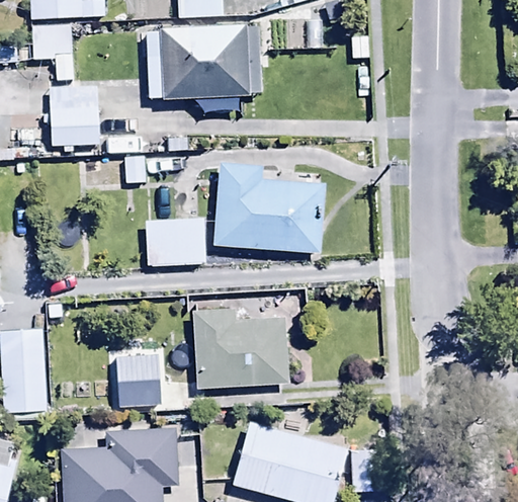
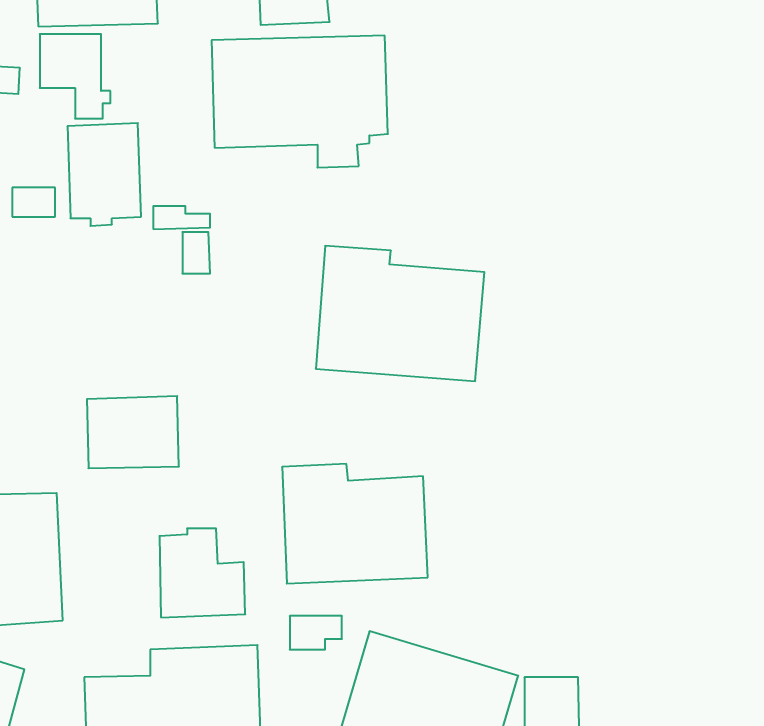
building: [146,218,206,265] -> [87,396,179,468]

